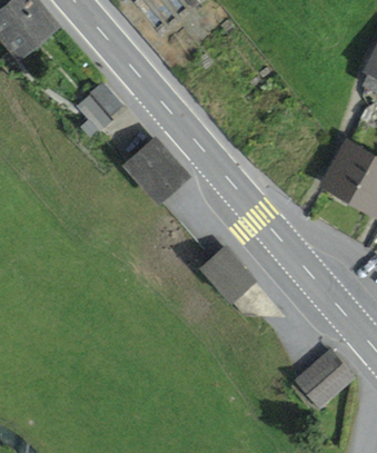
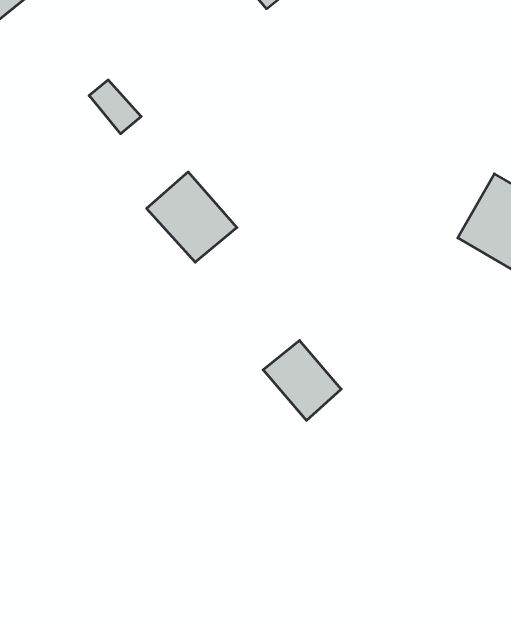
building: [295,353,350,407] -> none

